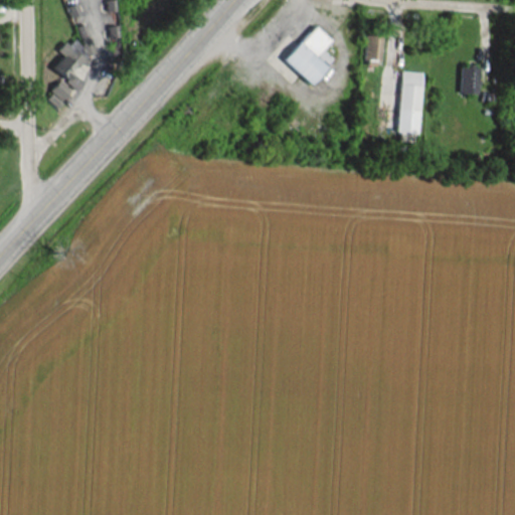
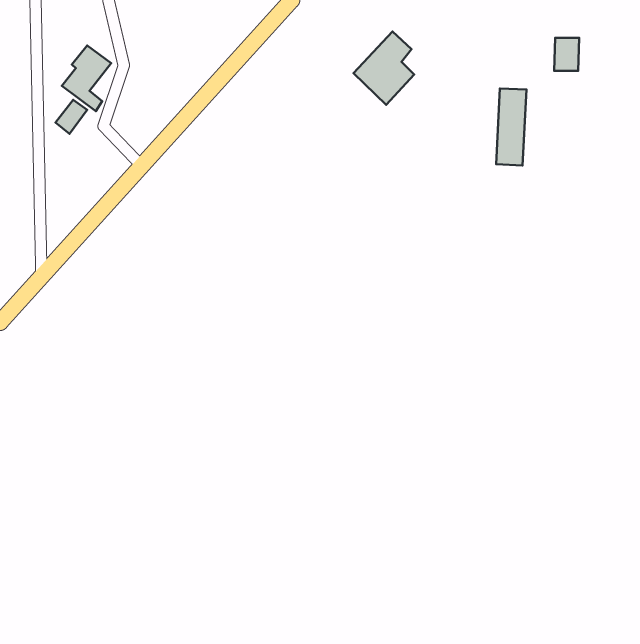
building: [366,36,384,63] -> none
building: [461,67,481,94] -> [554,38,579,71]

